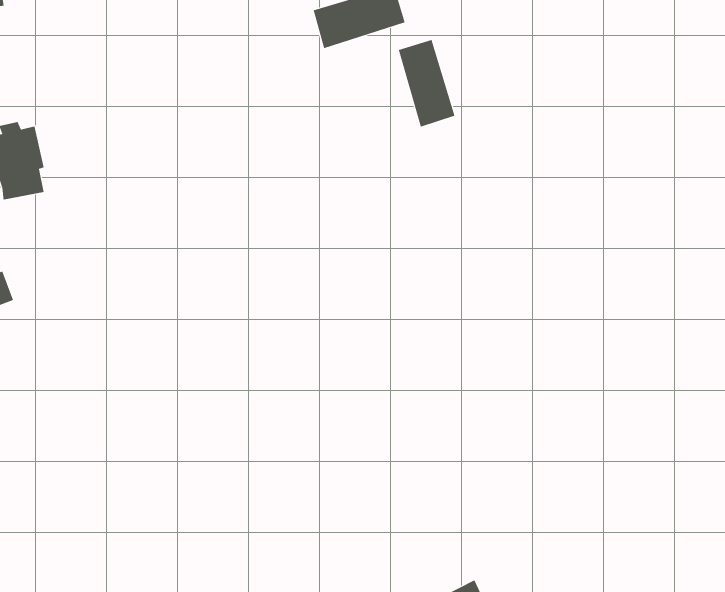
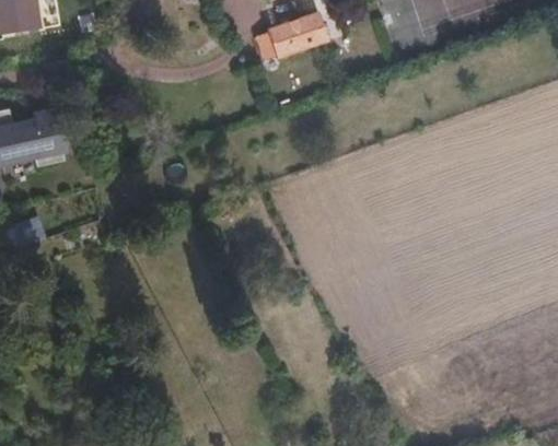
building: [398,39,455,127] -> none

